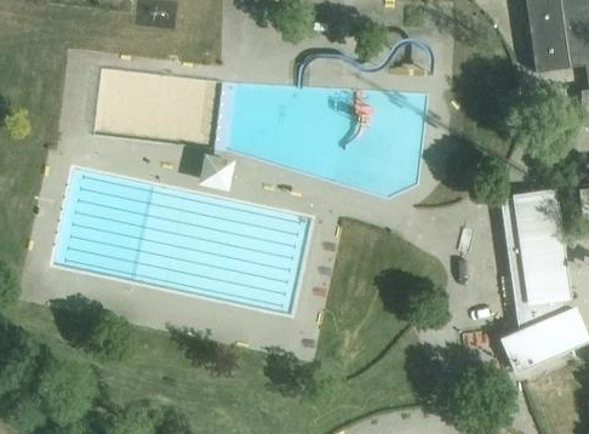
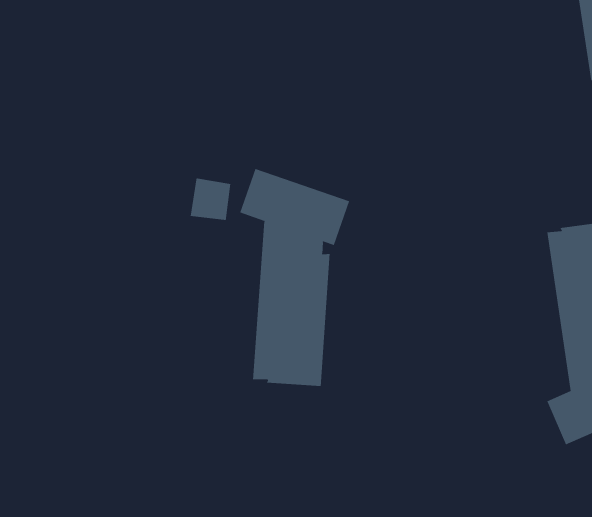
building: none -> [239,168,350,387]

